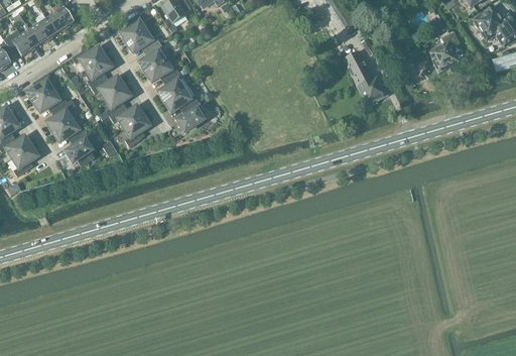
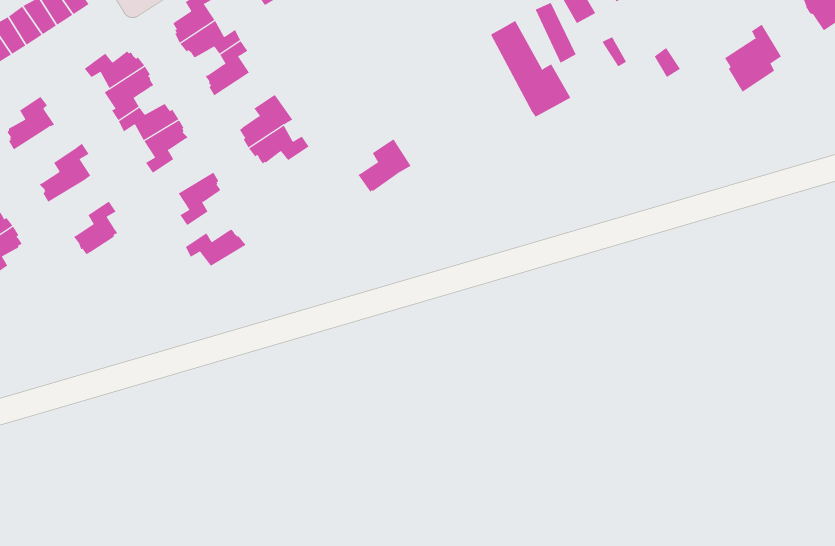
building: [343,50,388,105] -> [490,20,571,118]
building: [144,56,178,81] -> none
building: [32,90,67,112] -> none
building: [177,101,208,131] -> [357,139,411,193]
building: [110,106,144,127] -> [185,229,247,267]
building: [51,120,86,141] -> none

